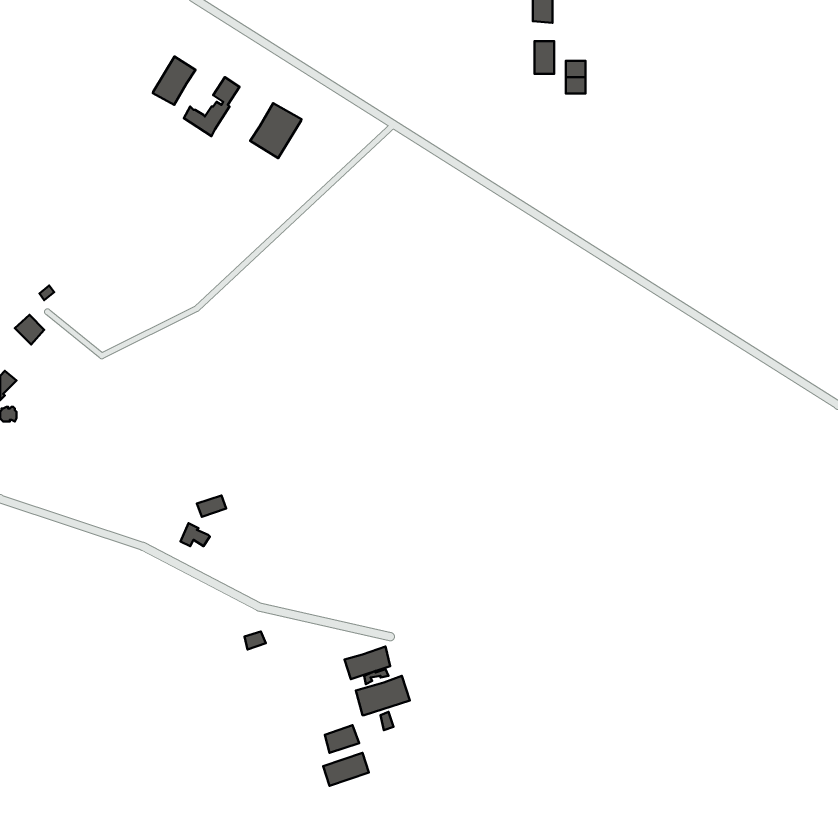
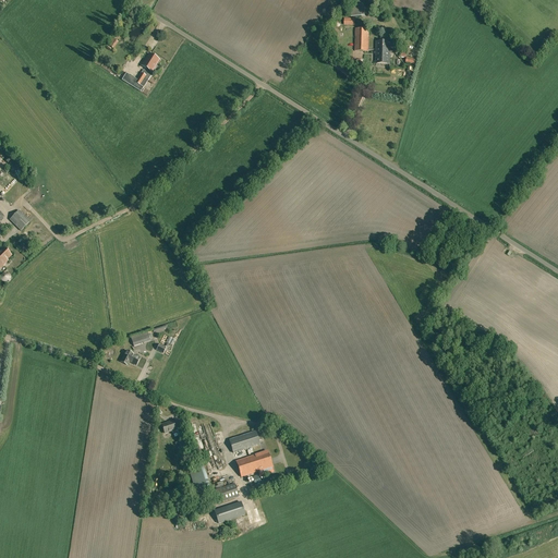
building: [153,57,196,105] -> none
building: [250,103,301,158] -> none

